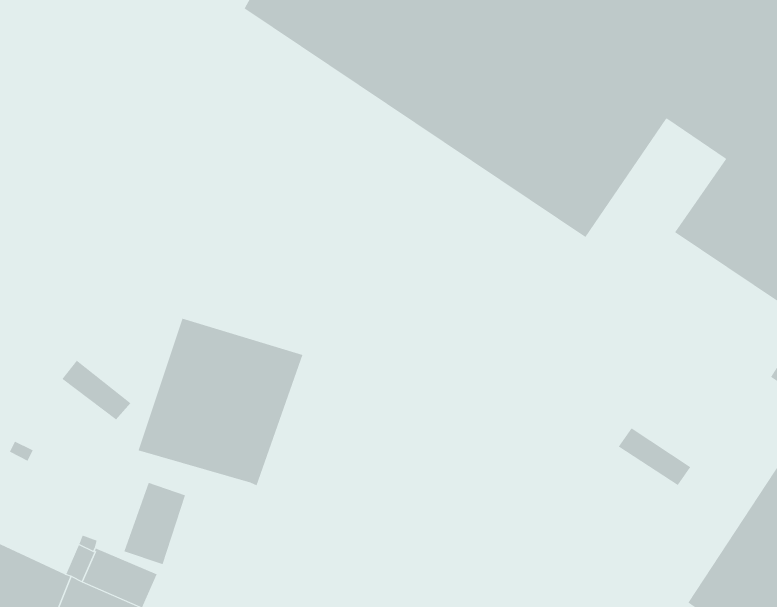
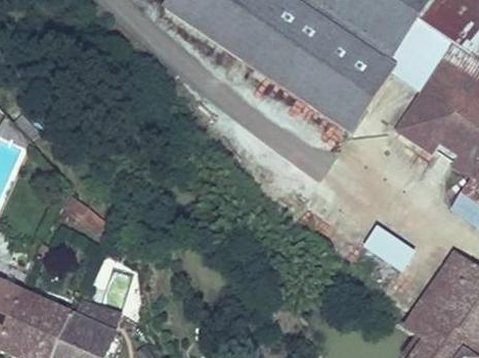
building: [138,318,303,486] -> none

